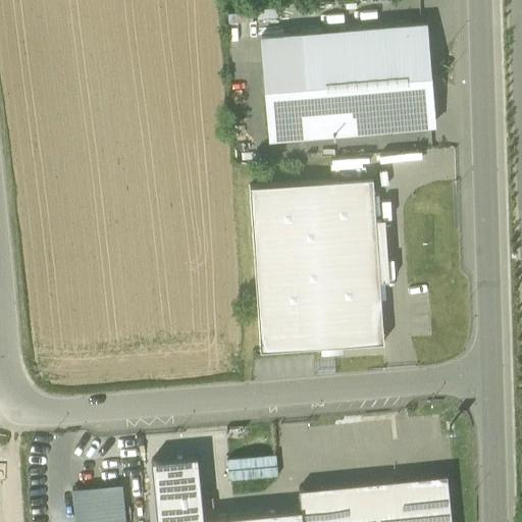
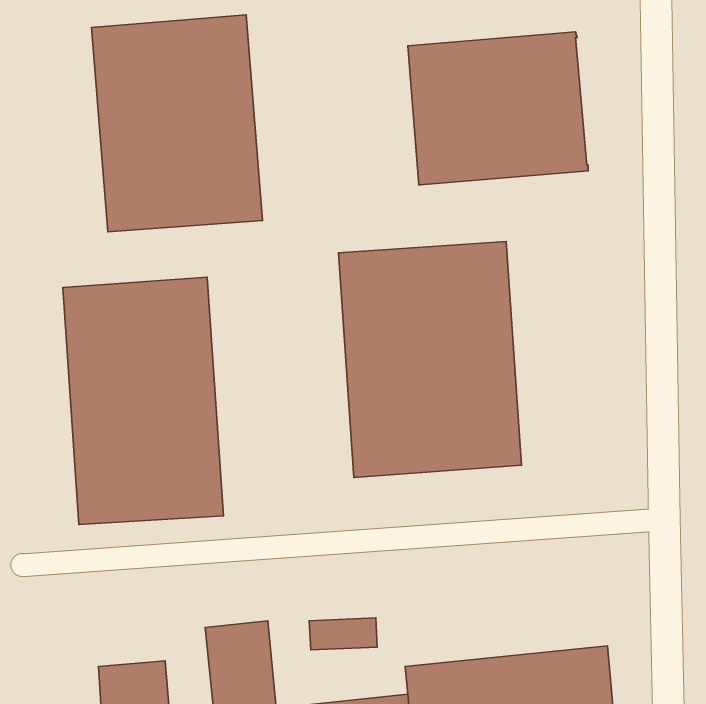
building: none -> [91,15,263,232]
building: [262,38,310,143] -> none
building: none -> [63,277,223,524]

